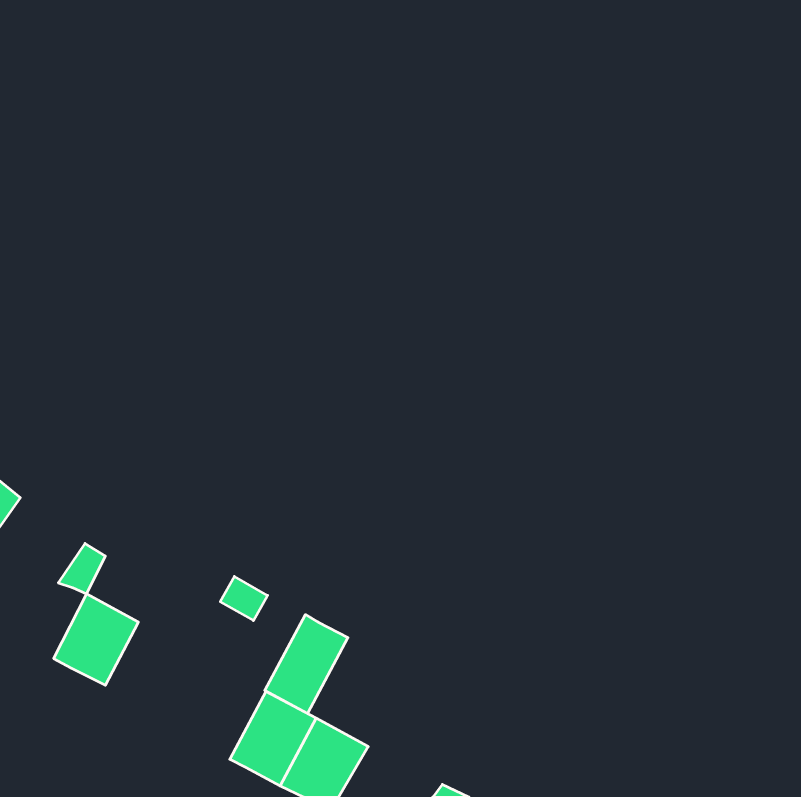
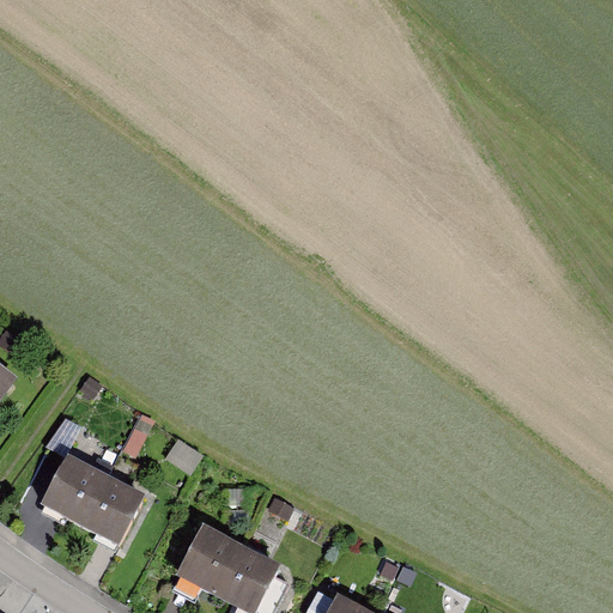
building: [265,615,348,713] -> none
building: none -> [80,473,144,541]

